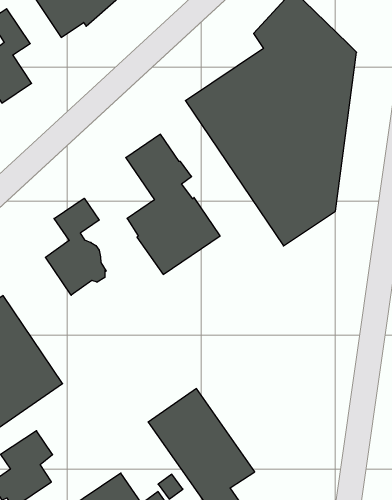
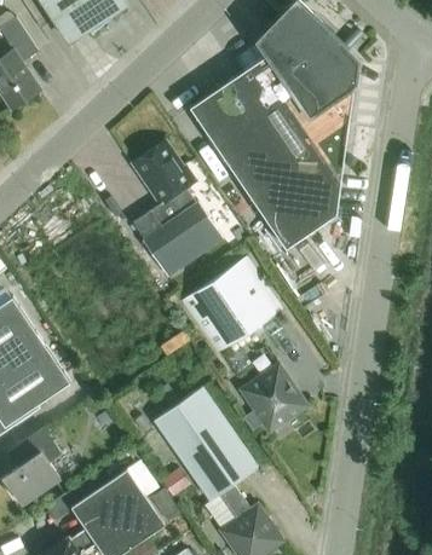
building: [45,198,106,295] -> none
building: none -> [182,258,282,354]
building: none -> [242,366,301,430]

